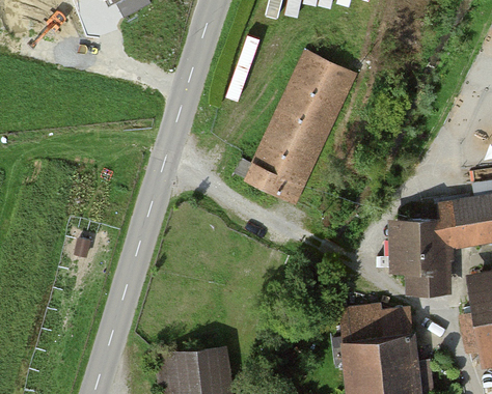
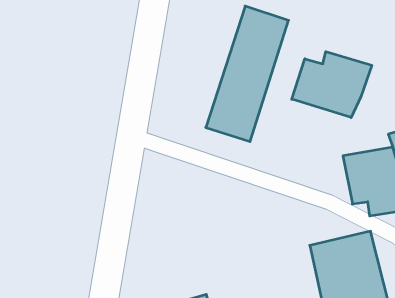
building: none -> [292,52,372,118]

